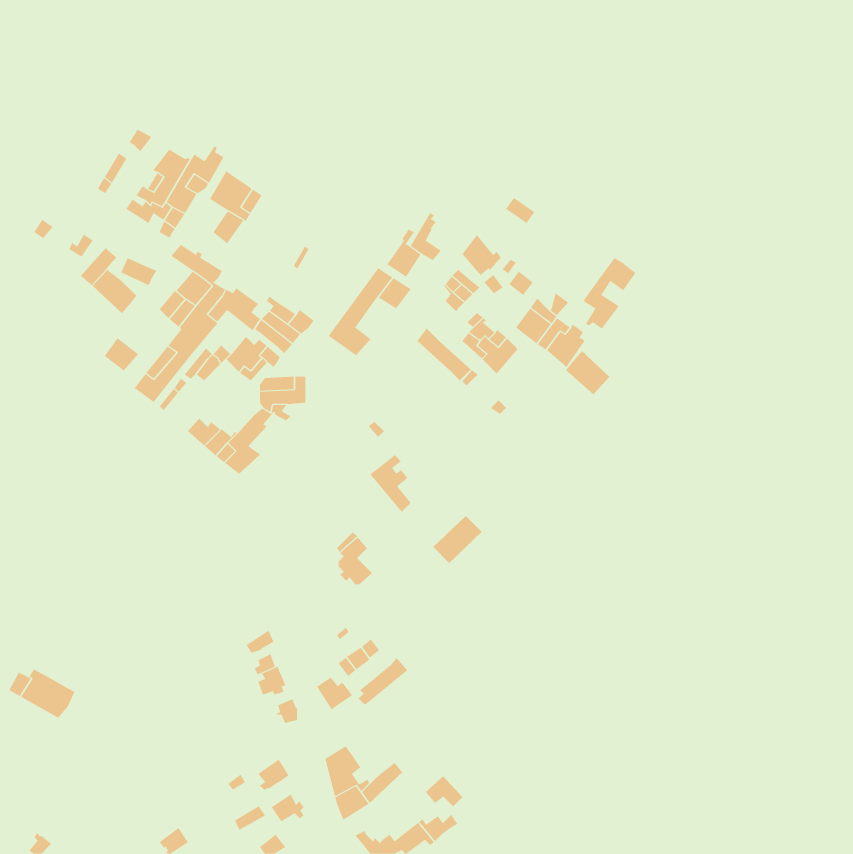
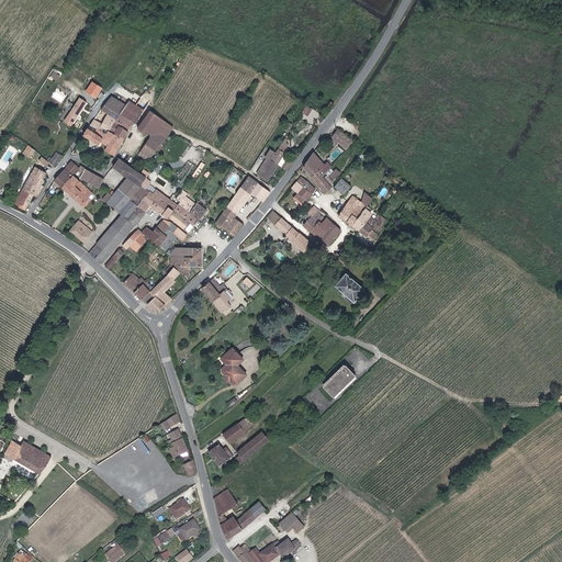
building: [583,257,636,330] -> none
building: none -> [13,169,46,212]
building: [565,350,610,395] -> [334,272,363,302]
building: [370,454,411,513] -> [201,274,228,313]
building: [432,515,483,564] -> [323,366,356,397]

